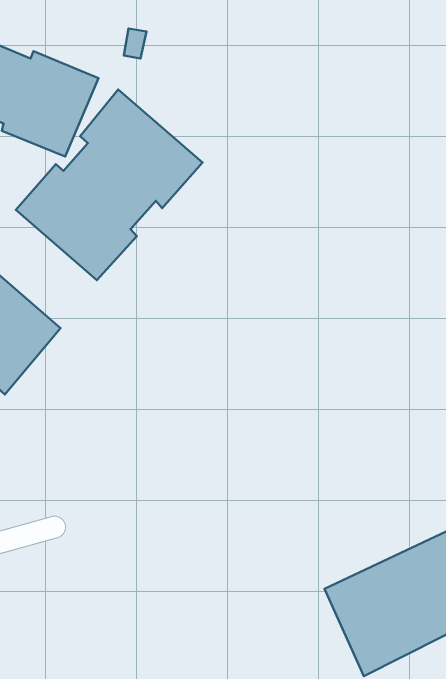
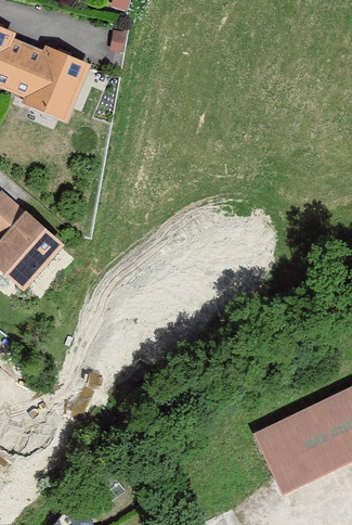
building: [16,89,203,280] -> none

